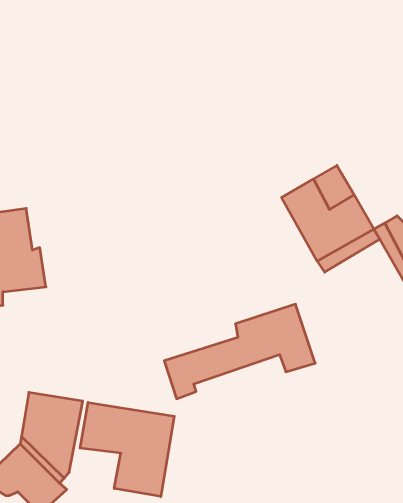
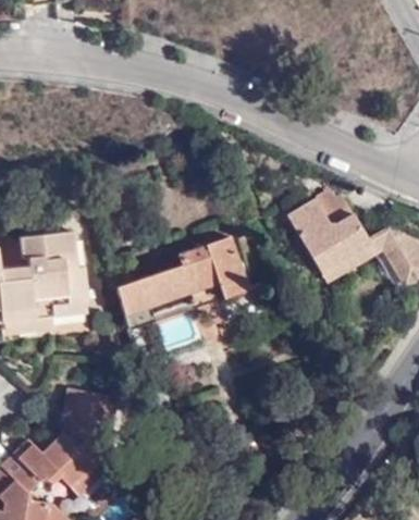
building: [164,304,315,399] -> [115,239,249,323]
building: [80,402,174,497] -> none

